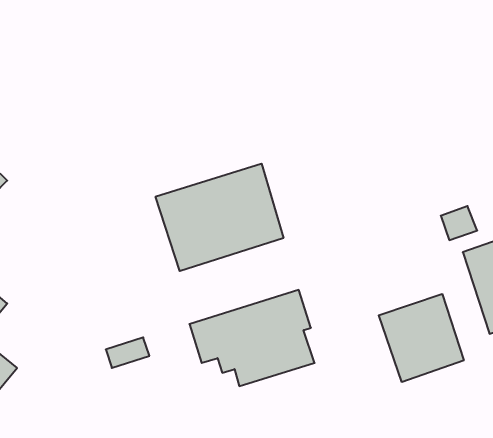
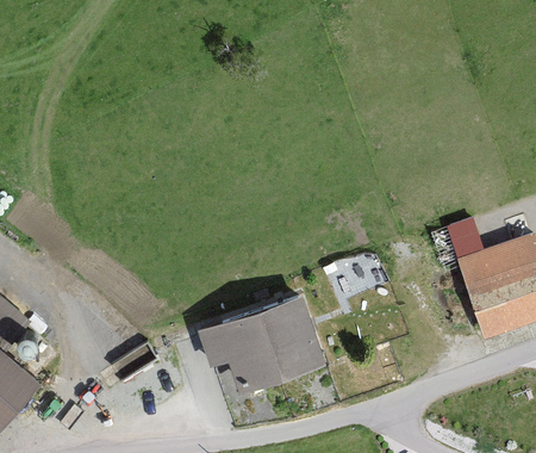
building: [156,164,283,271] -> none
building: [379,294,464,382] -> none

